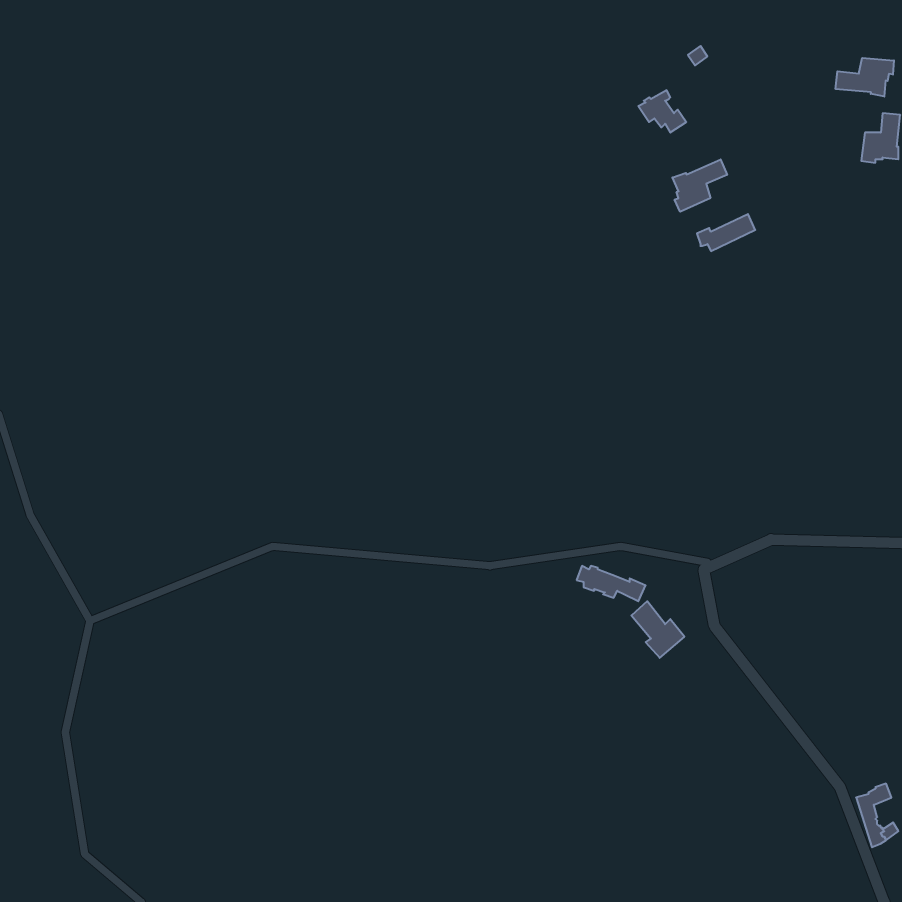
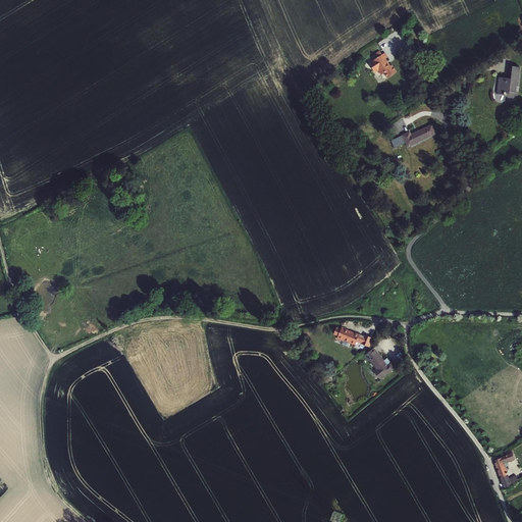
building: [836,58,894,97] -> none
building: [672,159,727,212] -> none

